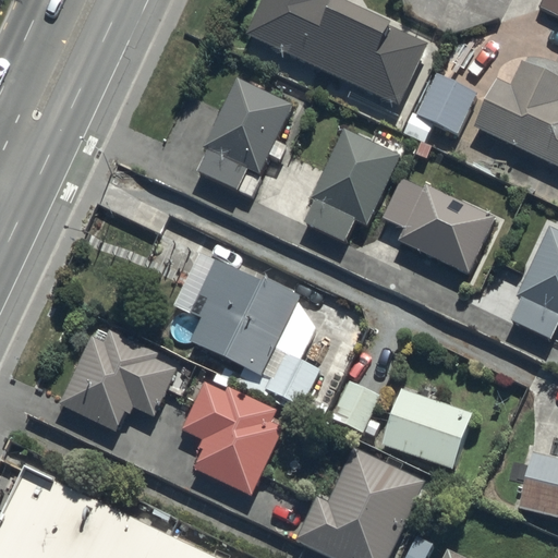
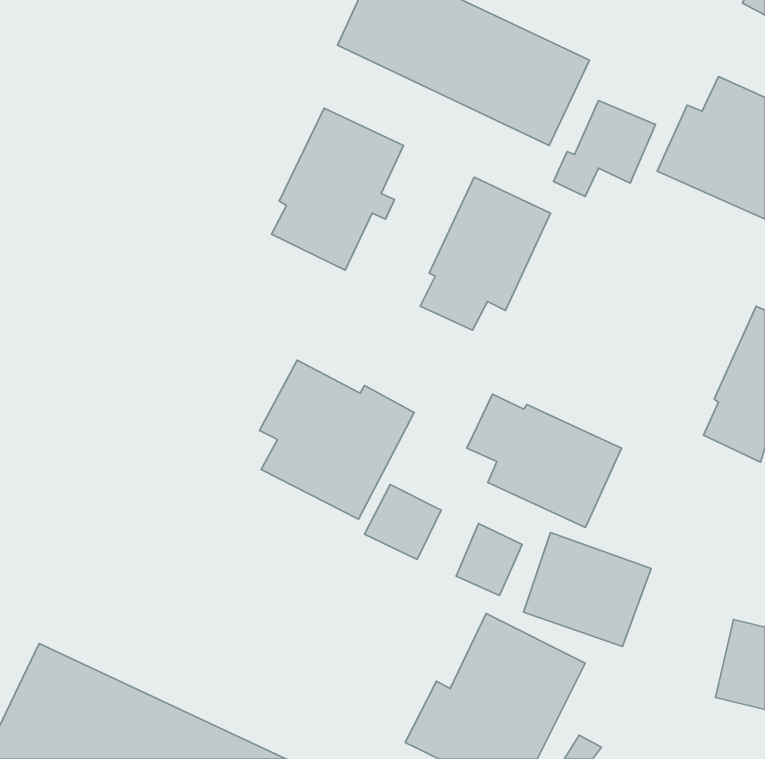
building: [383,178,495,275] -> [467,394,621,528]
building: [60,330,177,432] -> none
building: [182,383,282,495] -> none

